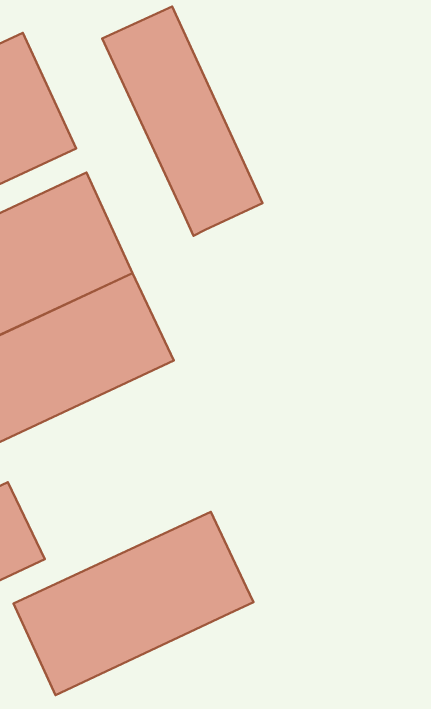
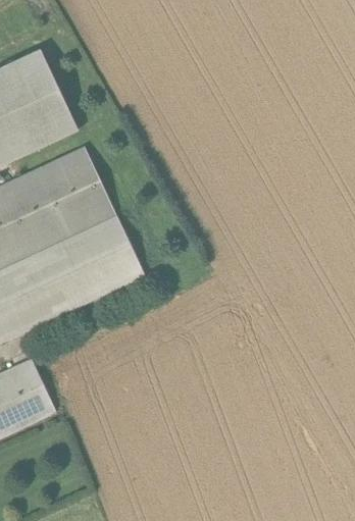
building: [102,7,263,236] -> none
building: [14,512,254,695] -> none

